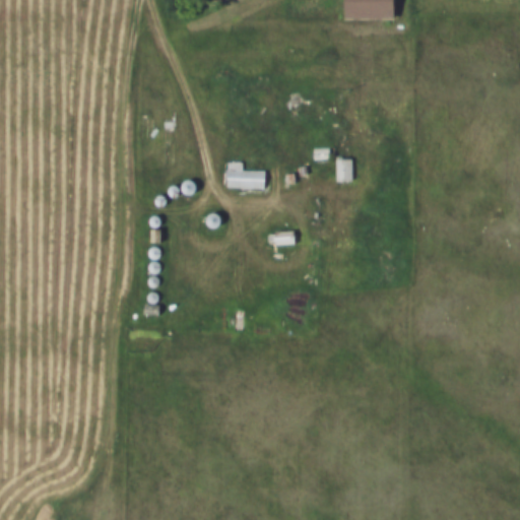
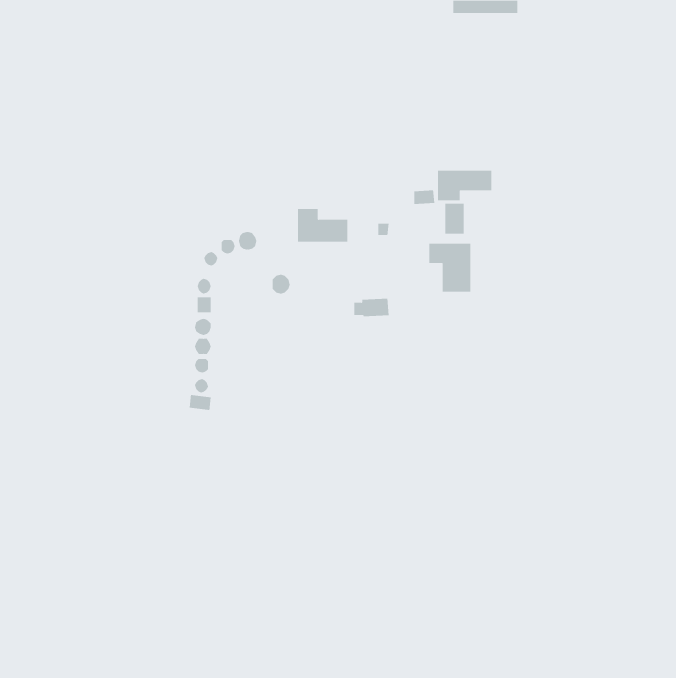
building: none -> [438,170,492,201]
building: none -> [429,243,471,292]

